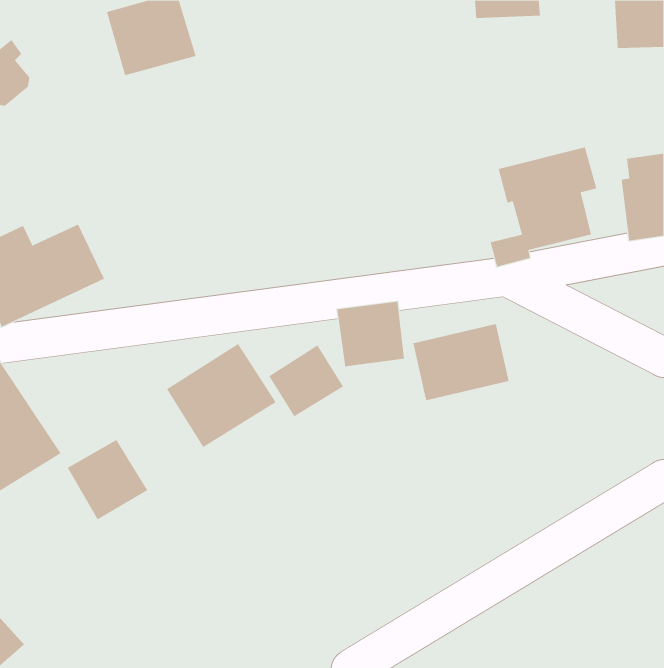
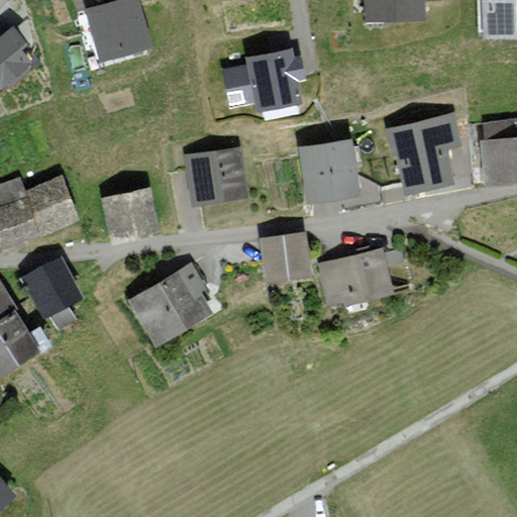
building: none -> [222,47,309,110]
building: none -> [300,137,365,202]
building: none -> [183,146,247,205]
building: none -> [102,186,163,243]
building: [268,345,344,417] -> none
building: [67,439,148,520] -> [22,255,85,318]

